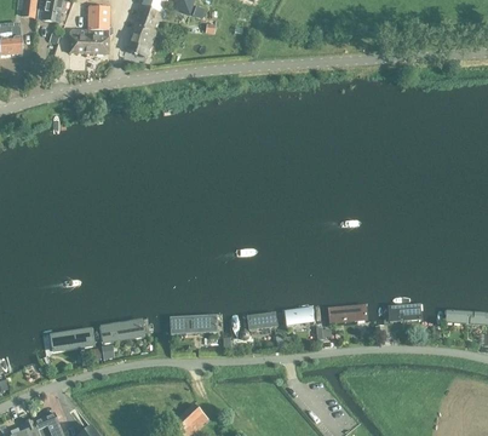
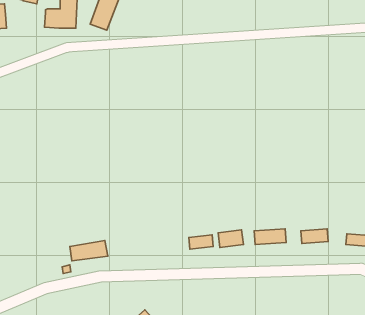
building: [170,314,219,333] -> none
building: [51,326,97,351] -> none

